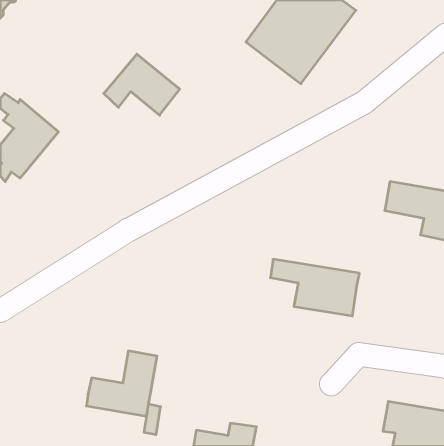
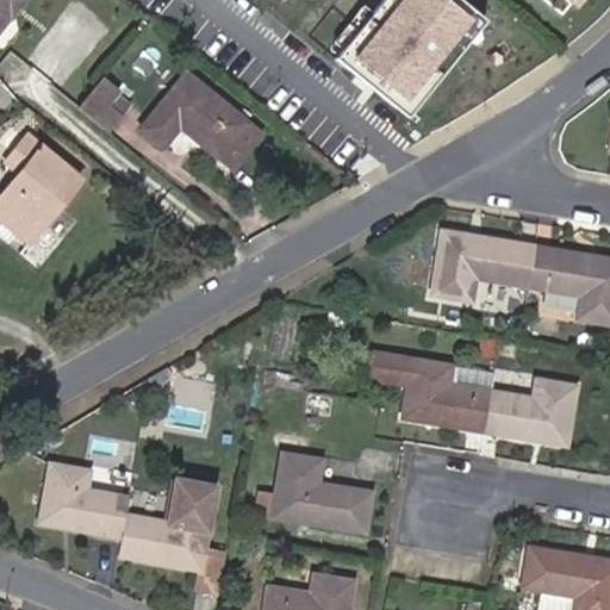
building: none -> [79,79,133,133]
building: none -> [431,231,535,300]
building: none -> [484,379,575,444]
building: none -> [256,455,372,531]
building: none -> [43,465,130,537]

